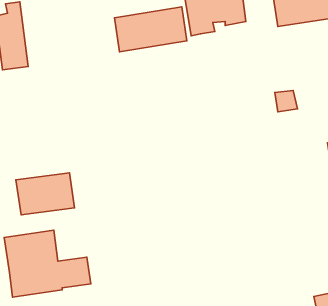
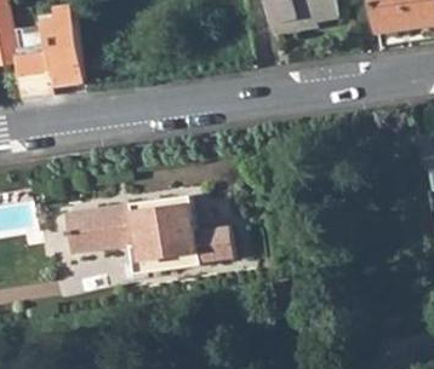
building: [115,7,187,52] -> none
building: [4,230,91,297] -> [129,195,230,273]

